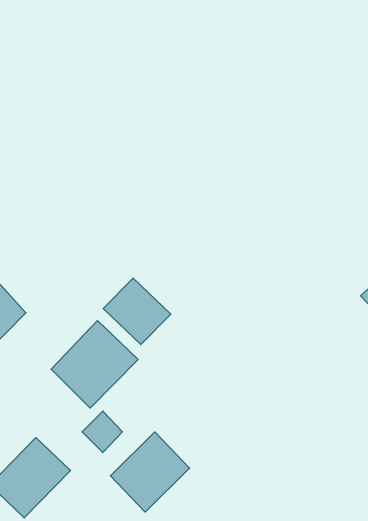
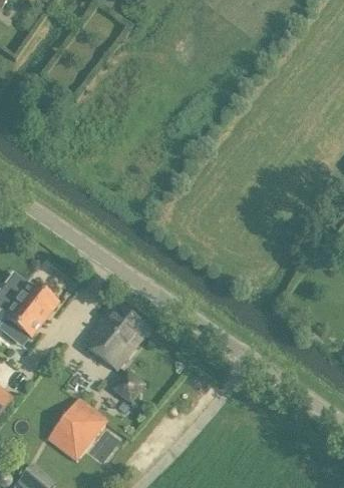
building: [103,278,171,345] -> none
building: [110,432,190,512] -> none

